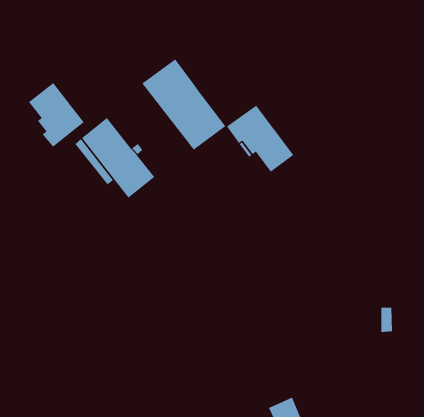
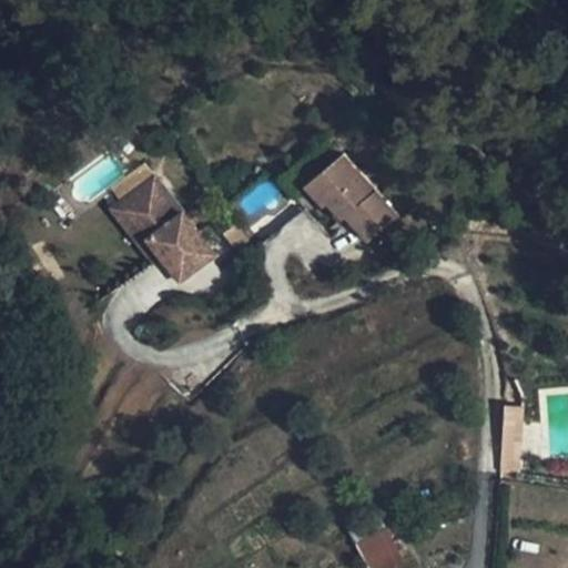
building: [142,58,226,151] -> none
building: [28,82,85,148] -> none

